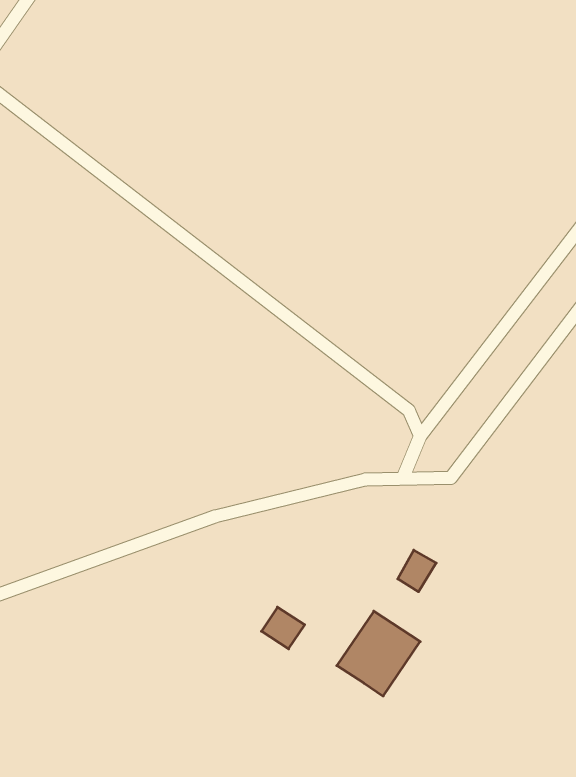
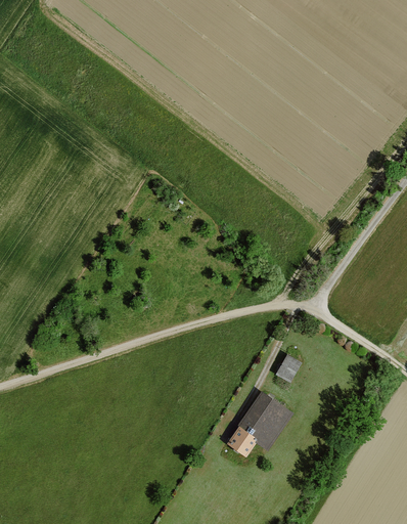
building: [261,607,305,649] -> [226,427,254,453]

